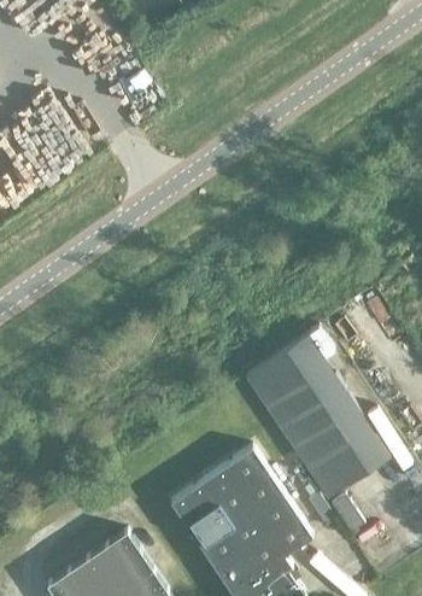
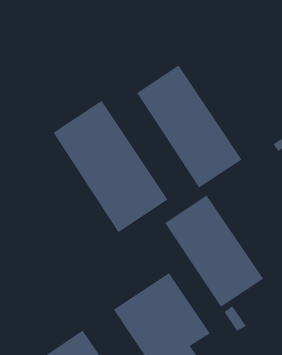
building: none -> [136,64,242,189]
building: none -> [52,100,169,233]

